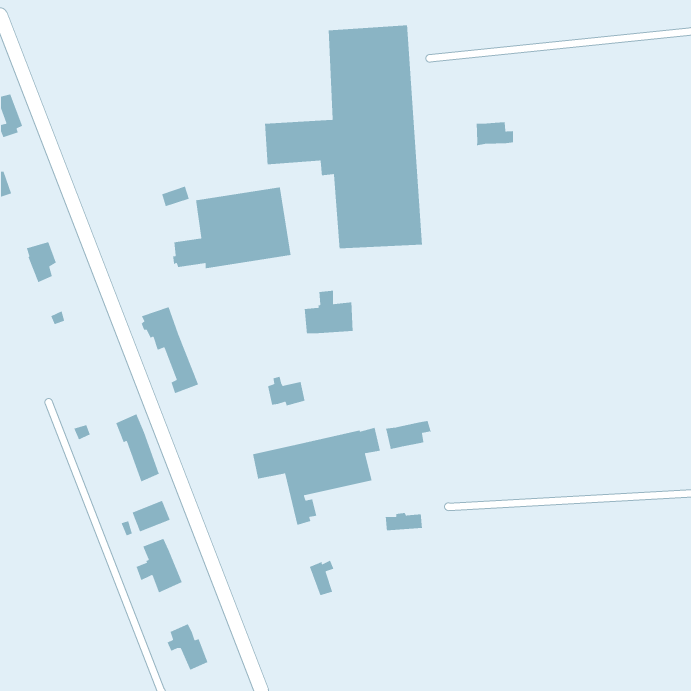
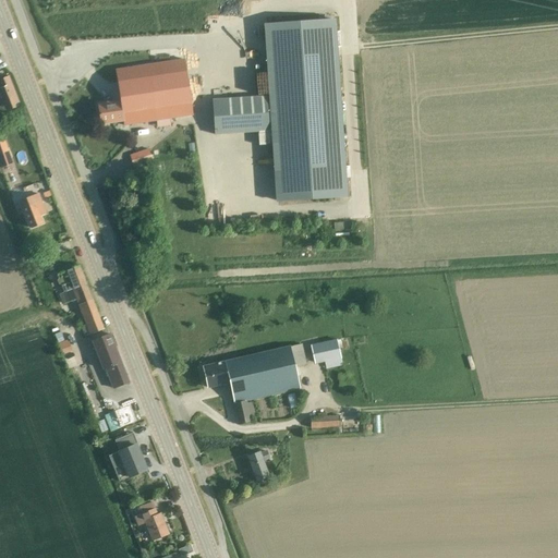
building: [476,121,514,146] -> none
building: [172,186,291,269] -> [98,58,194,124]
building: [304,290,353,334] -> none
building: [141,306,199,394] -> [58,265,105,336]
building: [267,376,306,406] -> none

